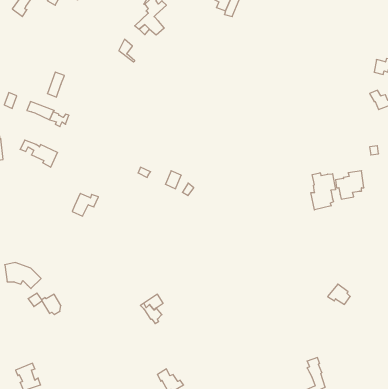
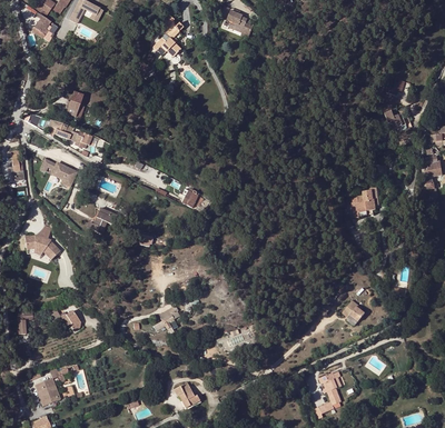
building: [311,173,335,210] -> none
building: [5,263,41,289] -> [26,235,61,260]

